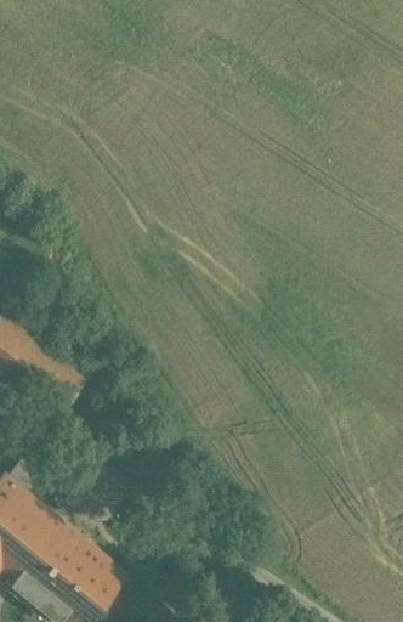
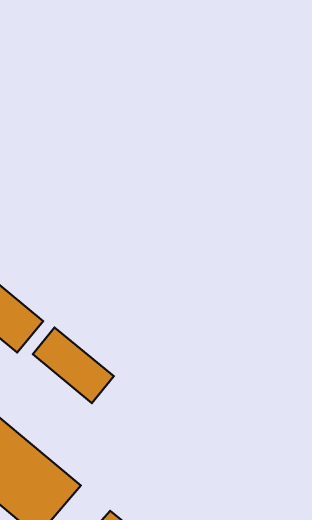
building: none -> [33,327,114,403]

